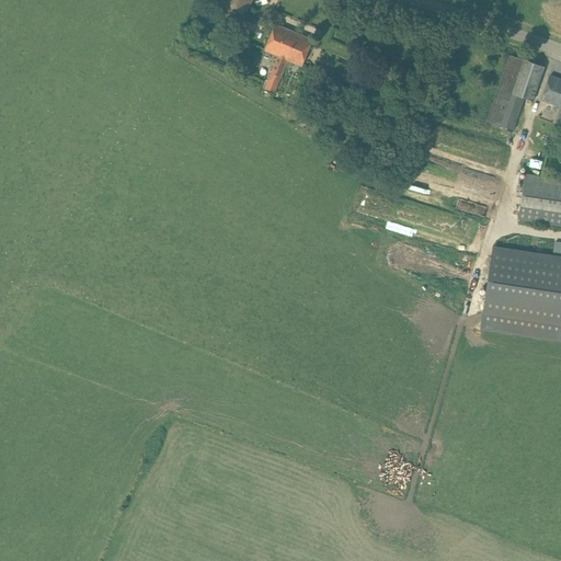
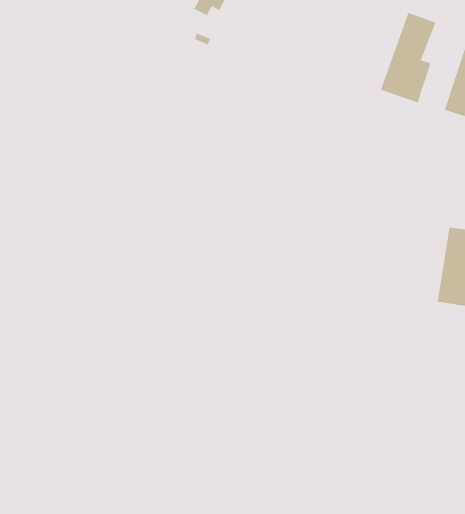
building: none -> [380,12,436,103]
building: [265,22,313,91] -> none

